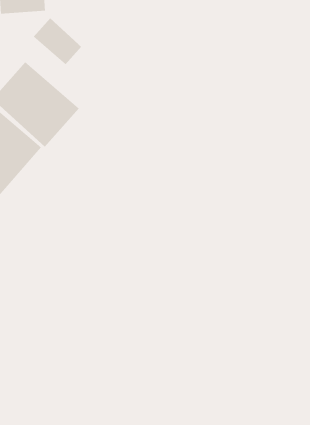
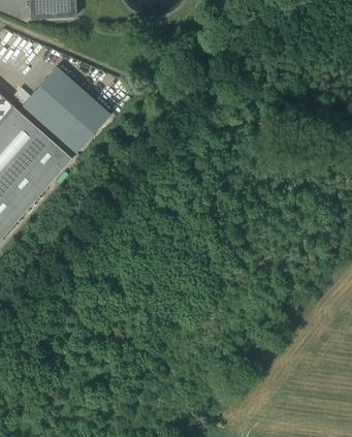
building: [33,17,82,65] -> none

